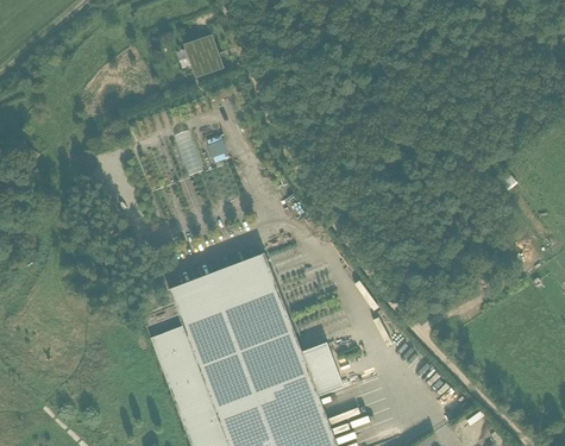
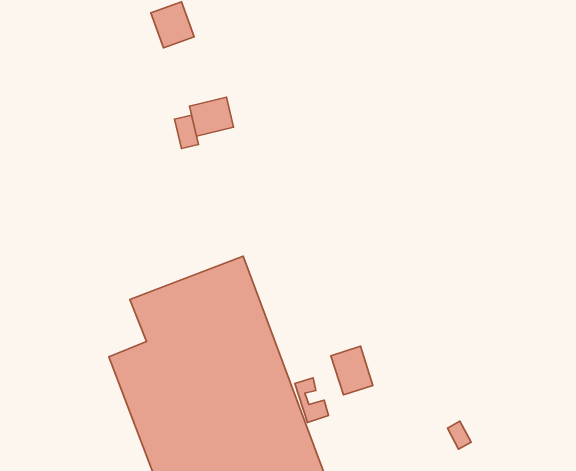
building: none -> [189,97,234,136]
building: none -> [331,346,373,395]

